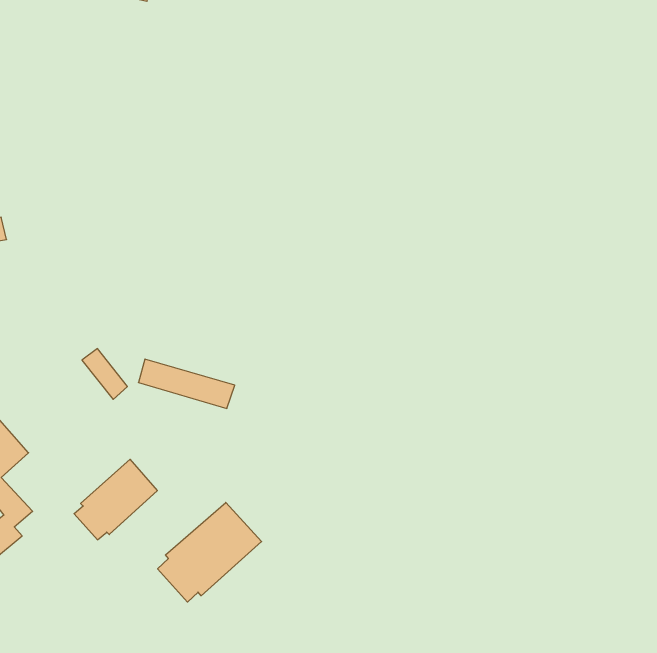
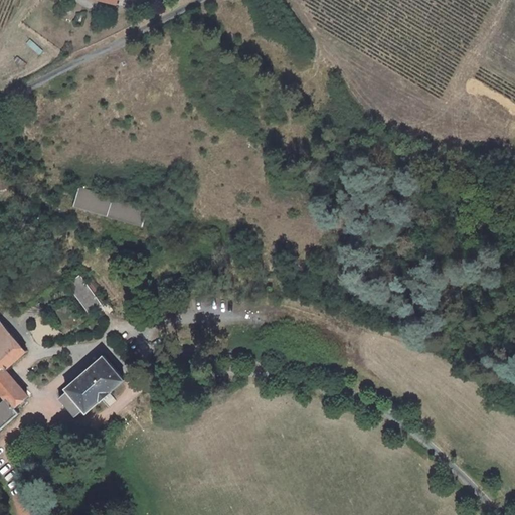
building: [138,359,235,408] -> [68,186,143,224]
building: [158,502,262,602] -> none

